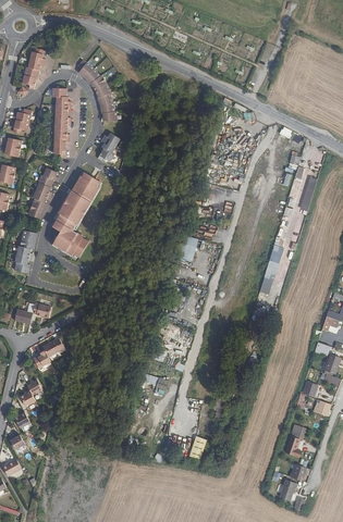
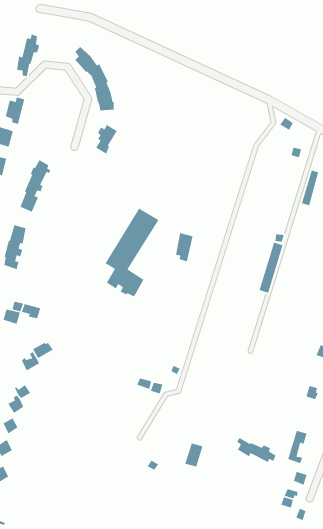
building: [56,87,74,157] -> none
building: [51,171,103,257] -> [105,207,160,298]
building: none -> [236,437,276,463]

